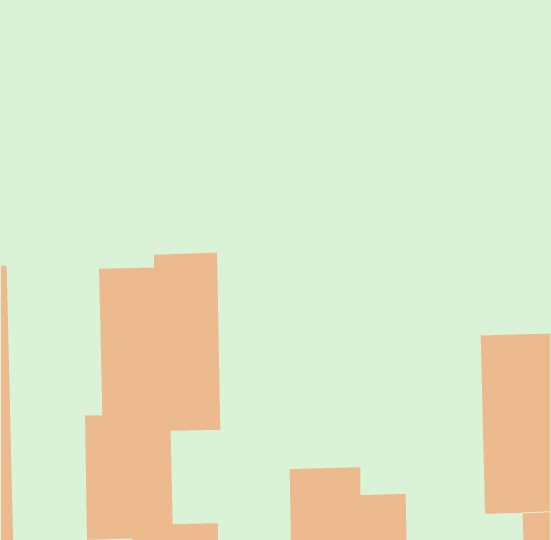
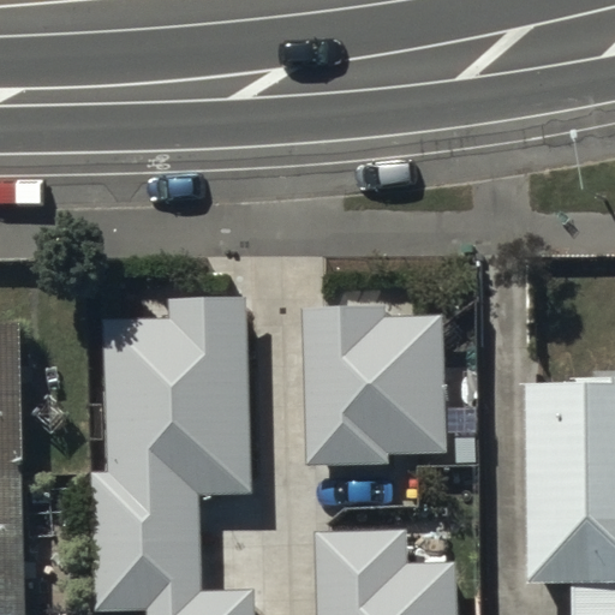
building: none -> [314,305,440,464]

